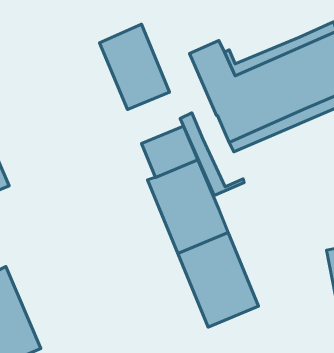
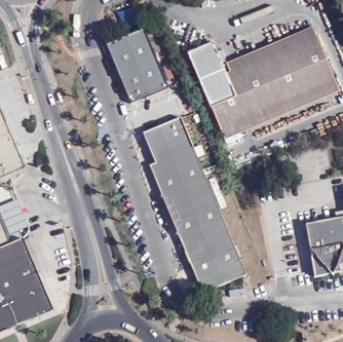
building: [180,113,244,196] -> none

